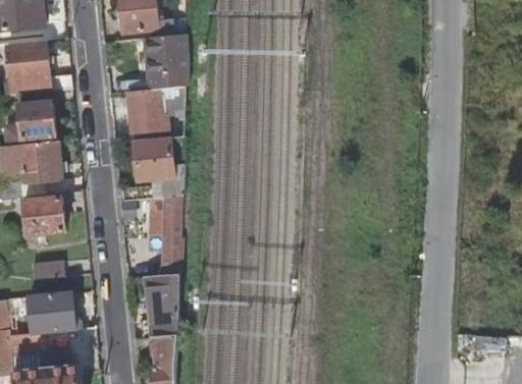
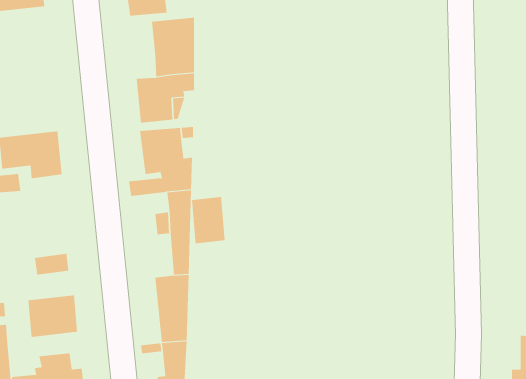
building: [6,39,71,91] -> none
building: [17,100,56,138] -> none
building: [24,194,65,235] -> none
building: none -> [191,196,225,244]

